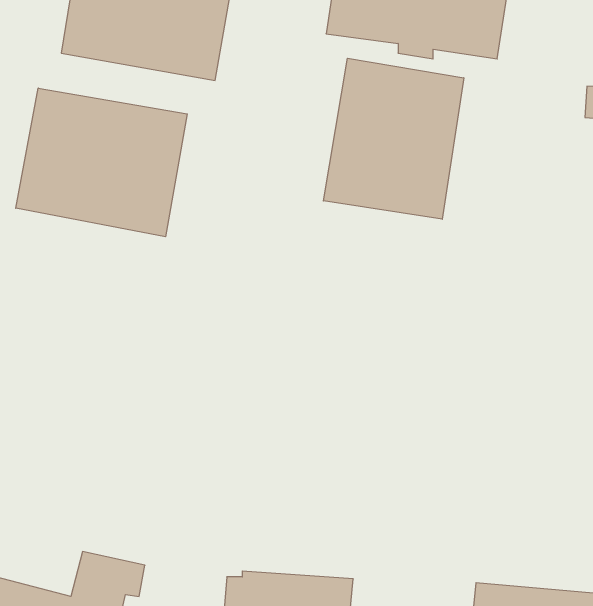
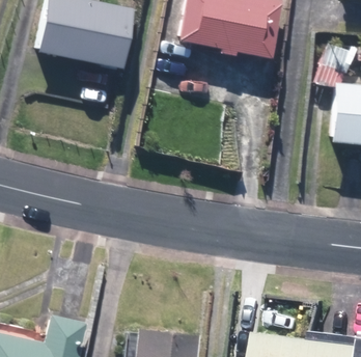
building: [323,58,464,219] -> none
building: [16,88,187,237] -> none

